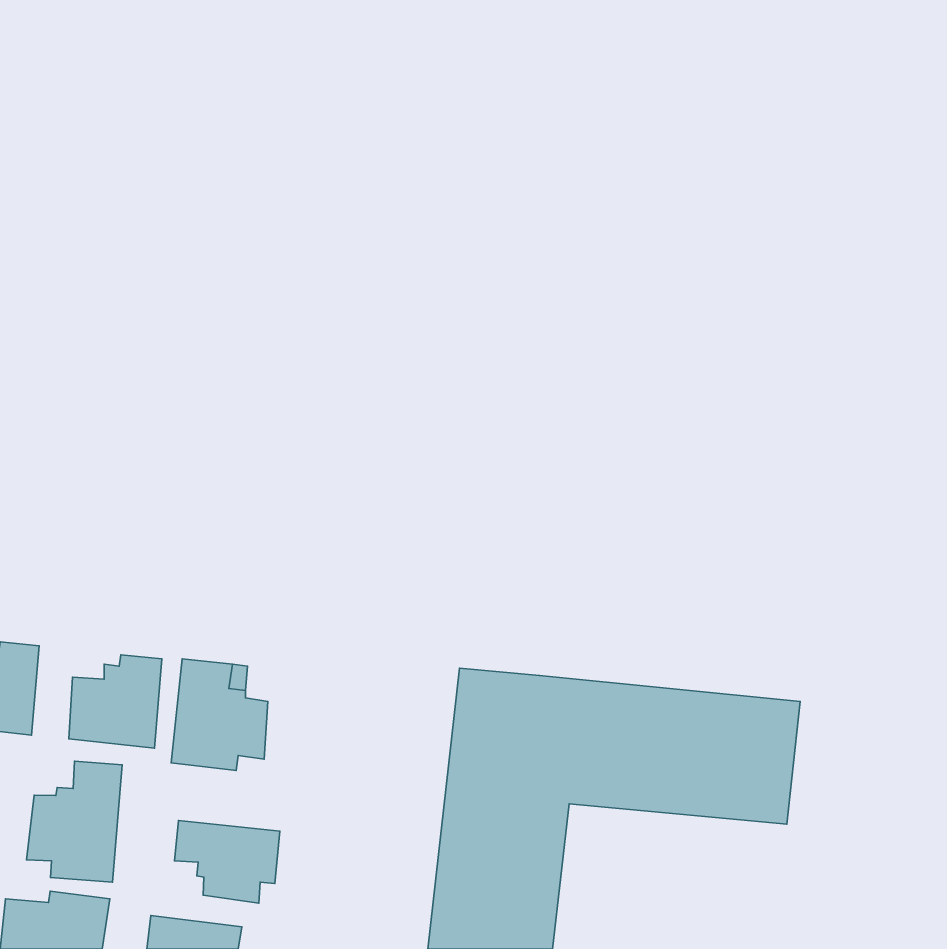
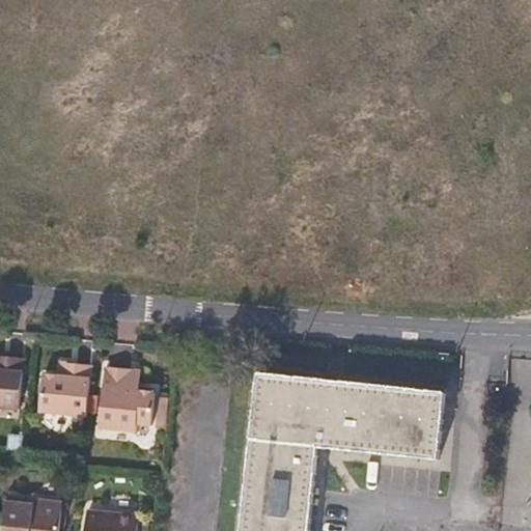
building: [27,761,122,882] -> none
building: [174,820,280,903] -> none

